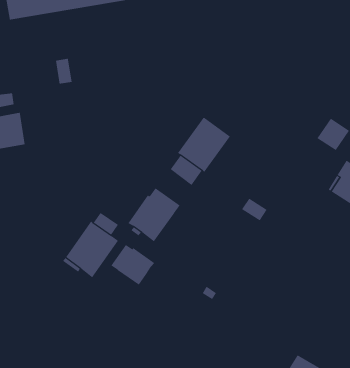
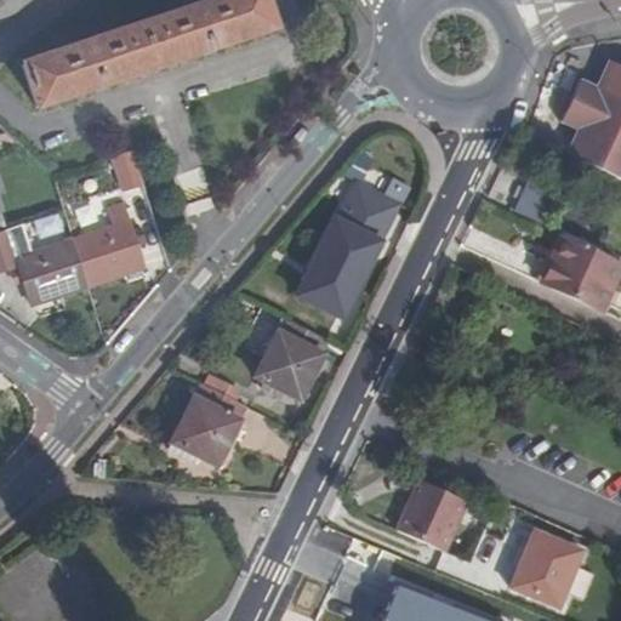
building: none -> [343,165,405,227]
building: none -> [73,201,144,285]
building: [111,244,155,286] -> none
building: none -> [397,480,466,551]

